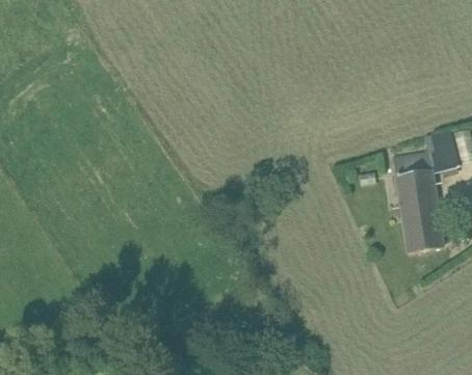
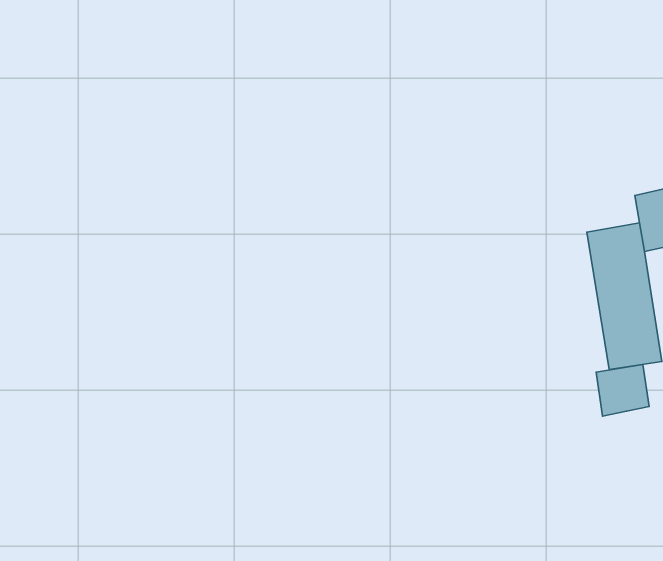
building: none -> [596,364,649,416]

